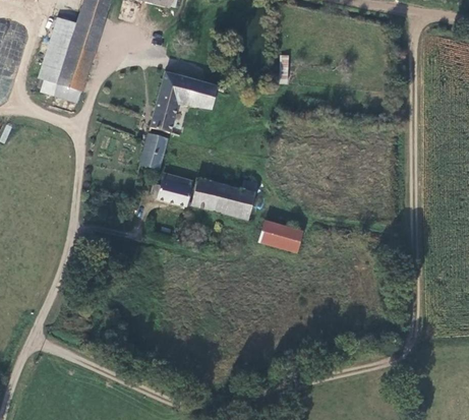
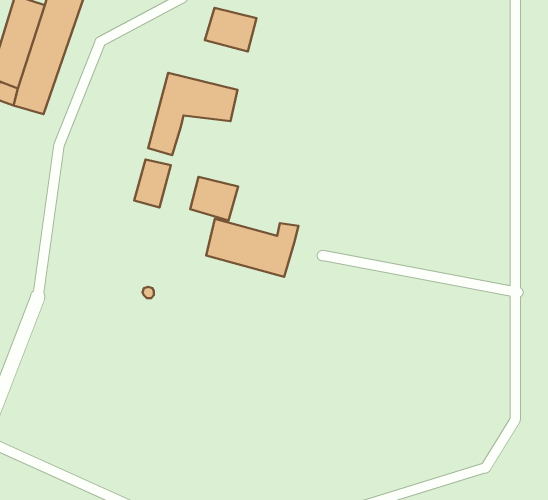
building: none -> [205,8,256,51]
building: [158,173,192,204] -> [190,177,238,221]
building: [259,220,301,252] -> none

